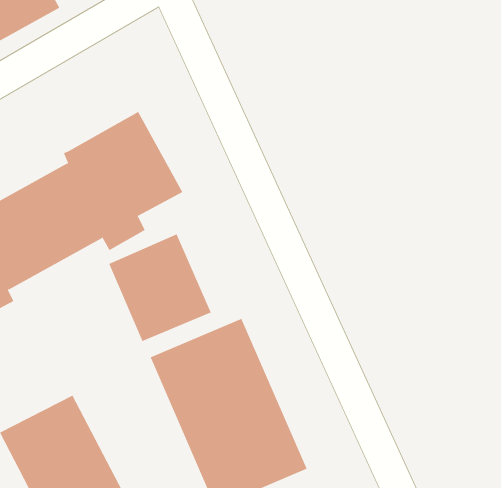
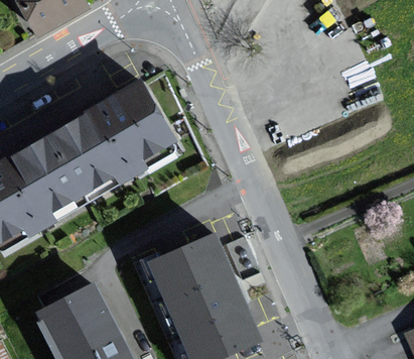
building: [109,234,211,342] -> none

